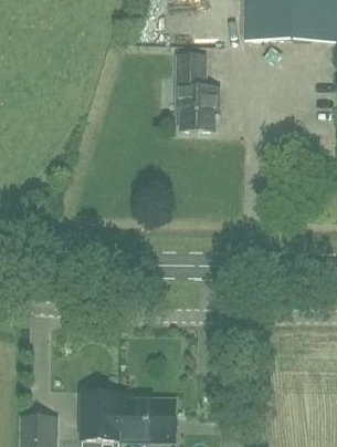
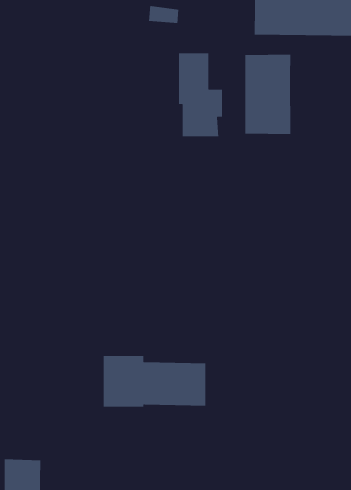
building: none -> [244,54,291,135]
building: [83,392,175,438] -> [103,355,206,408]

